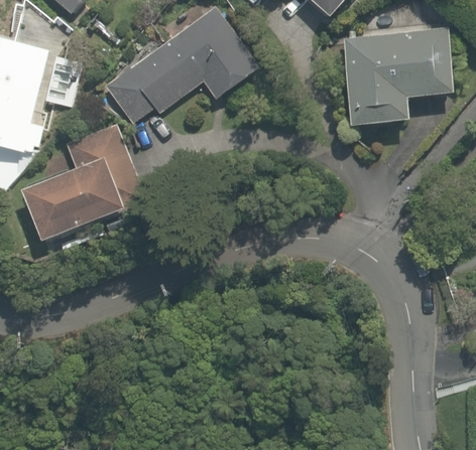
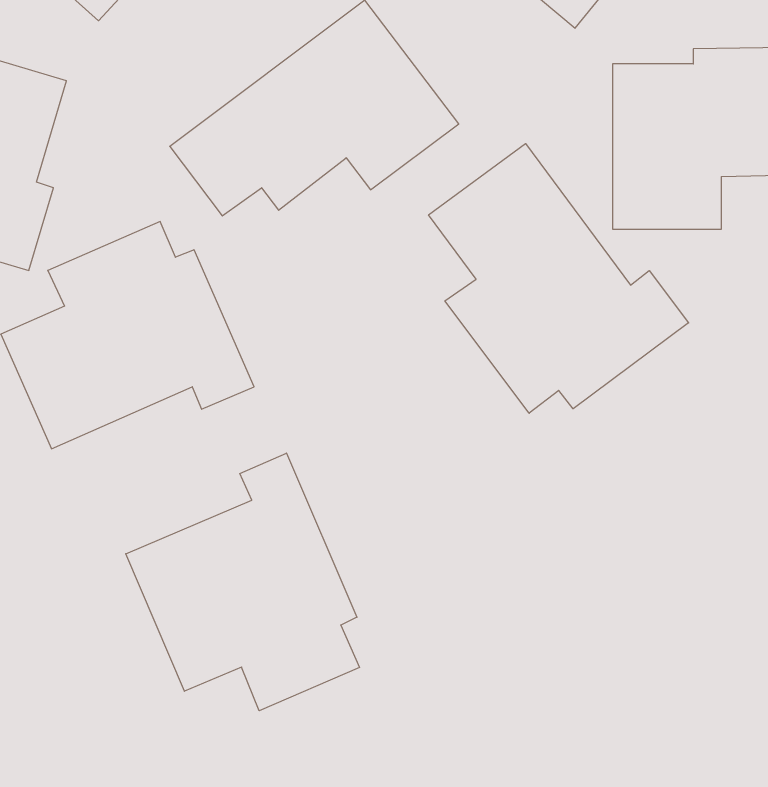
building: none -> [429,144,689,413]
building: none -> [126,453,359,711]

